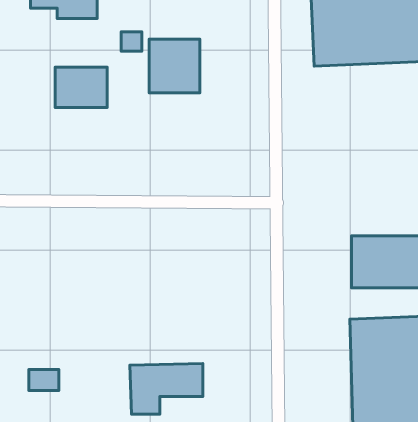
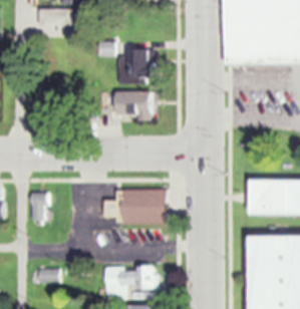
building: [55,67,107,107] -> [115,90,151,117]
building: none -> [103,190,166,224]
building: none -> [30,193,46,222]

